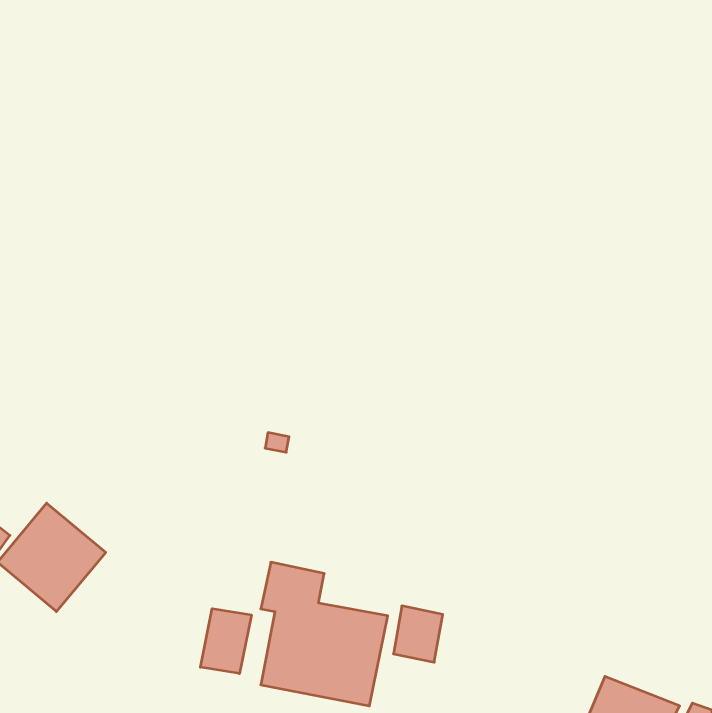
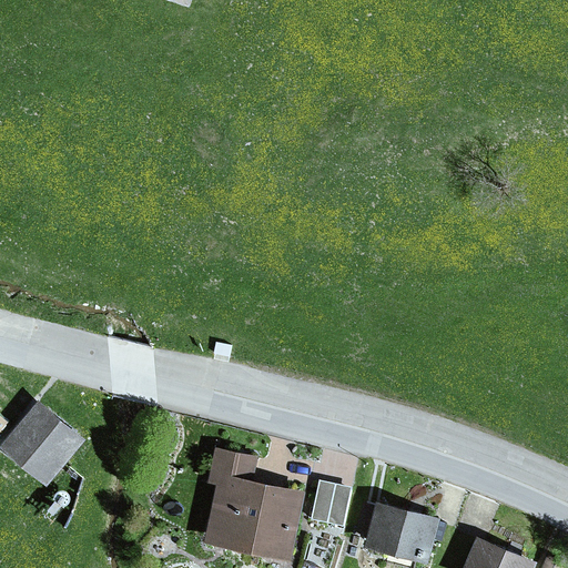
building: [200,609,251,674] -> none
building: none -> [367,503,439,562]

